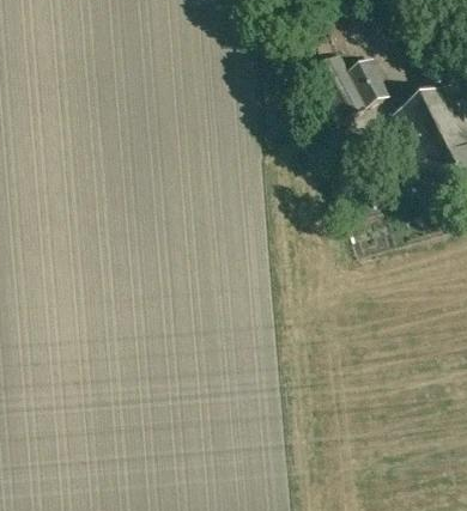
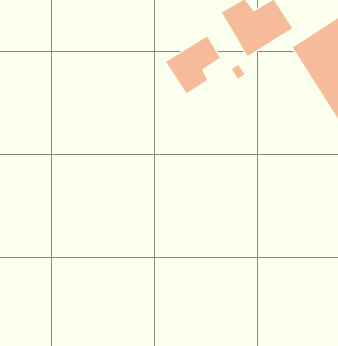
building: none -> [165,35,221,94]

